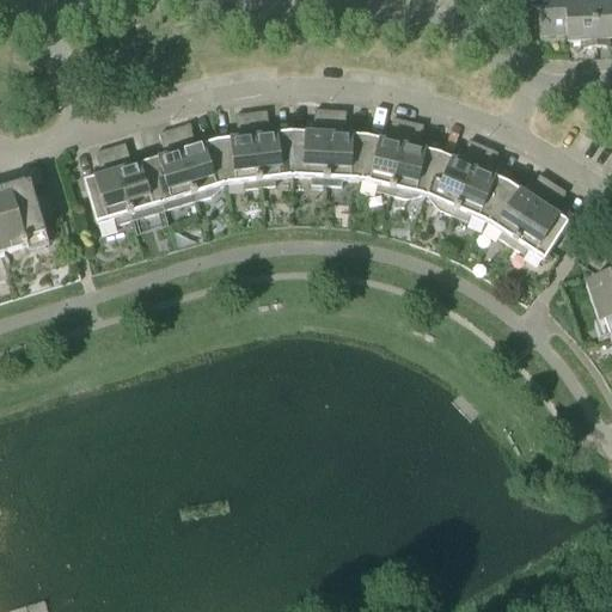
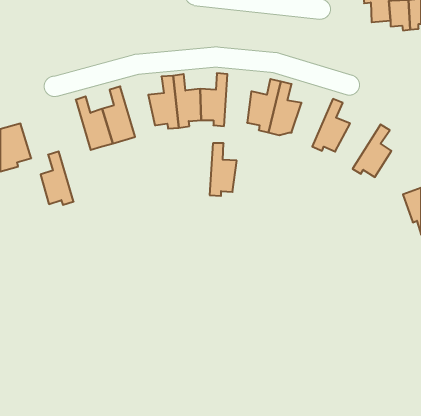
building: [325,108,365,184] -> [210,143,237,196]
building: [175,121,225,198] -> none
building: [423,136,483,213] -> none
building: [84,145,131,222] -> [41,151,74,205]
building: [486,171,552,245] -> none

